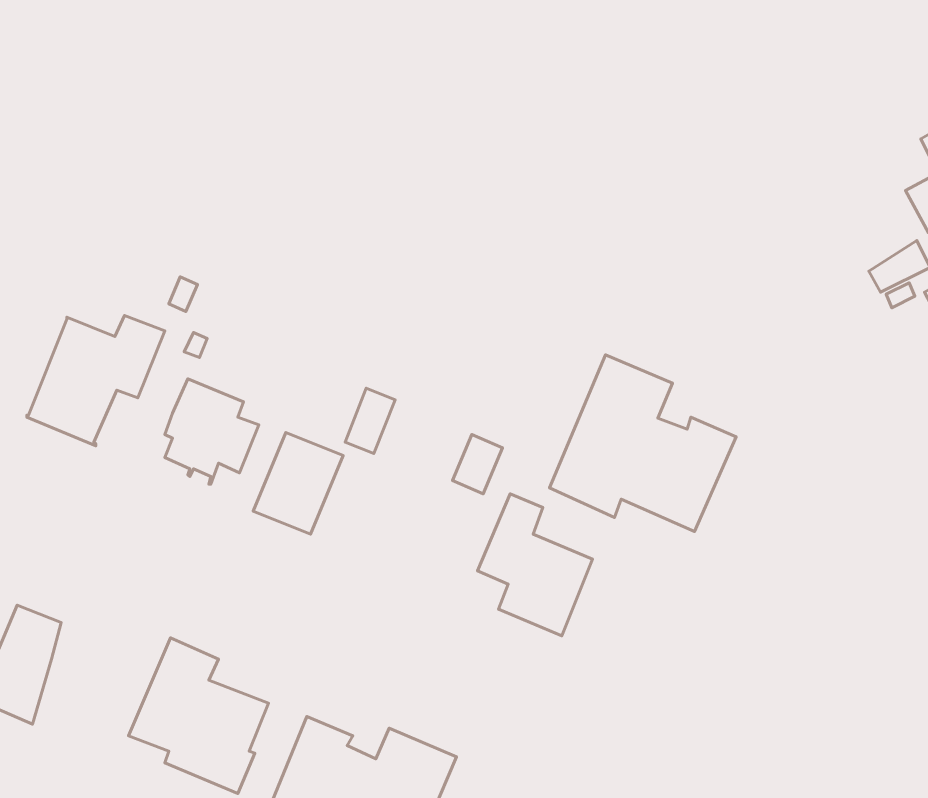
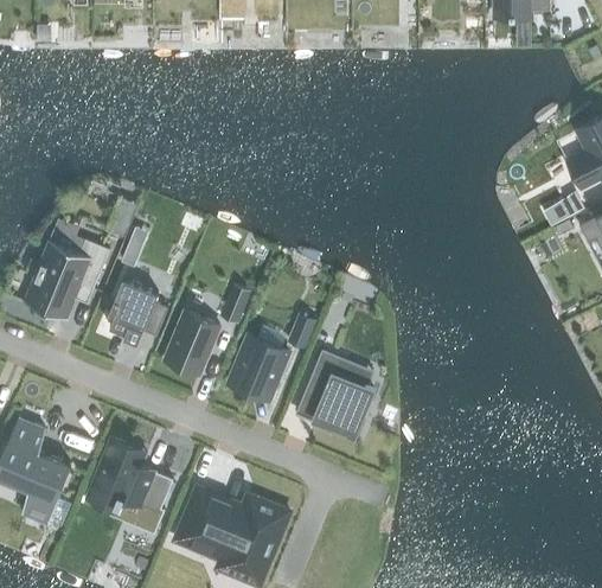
building: [549,355,736,532] -> none
building: none -> [228,337,287,397]
building: none -> [21,450,71,523]

